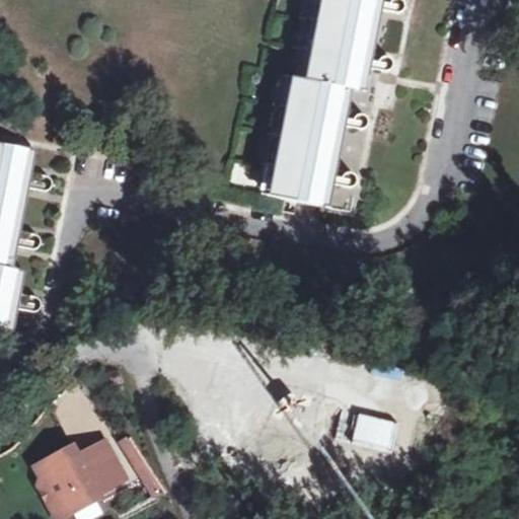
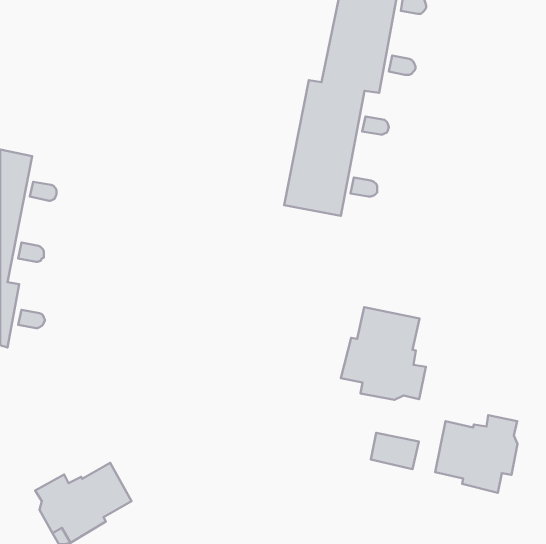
building: none -> [341,307,426,400]
building: none -> [435,415,518,493]

